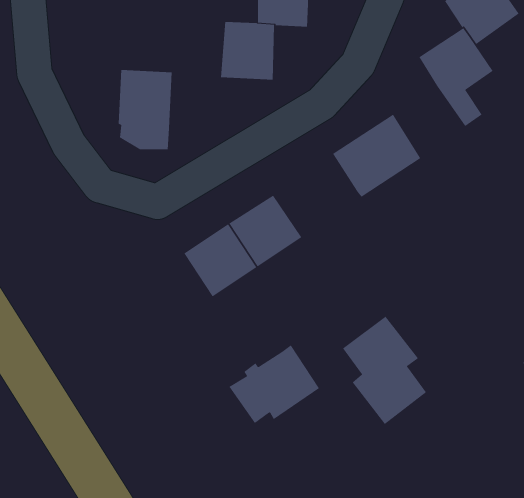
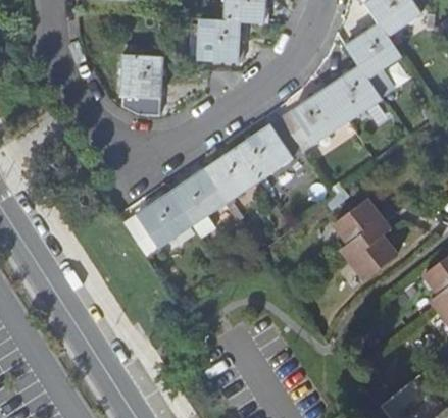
building: none -> [326,67,381,121]
building: none -> [237,118,299,180]
building: [342,316,427,425] -> [333,199,396,280]
building: [228,345,320,424] -> [122,193,191,252]

